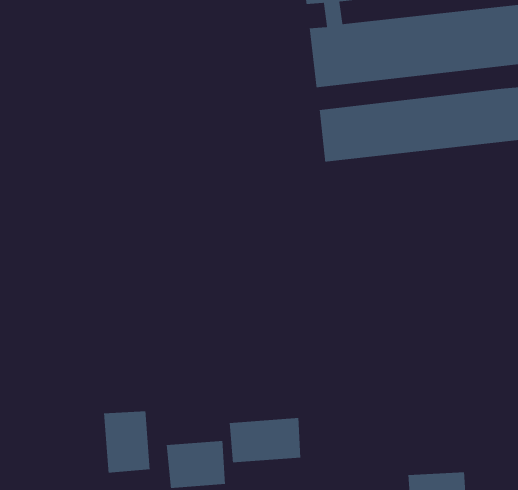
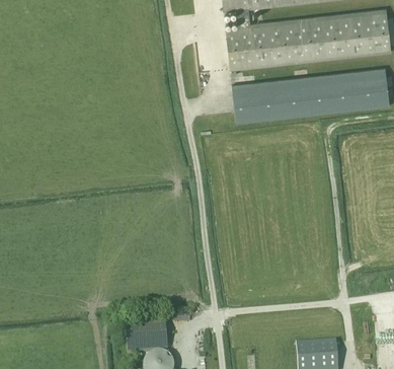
building: [103,411,151,474] -> none
building: [229,417,301,463] -> none

